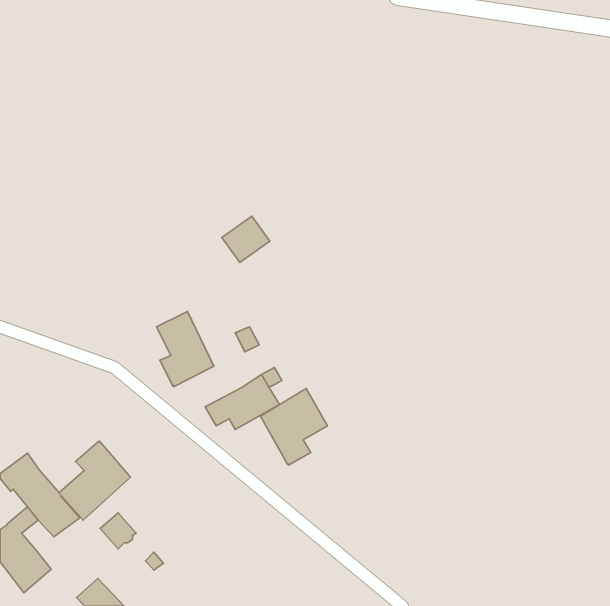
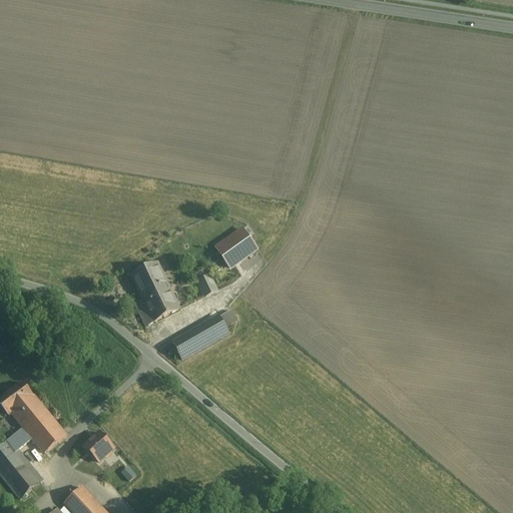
building: [222,216,270,263] -> [216,227,256,267]
building: [260,389,328,465] -> none
building: [59,441,130,520] -> none

